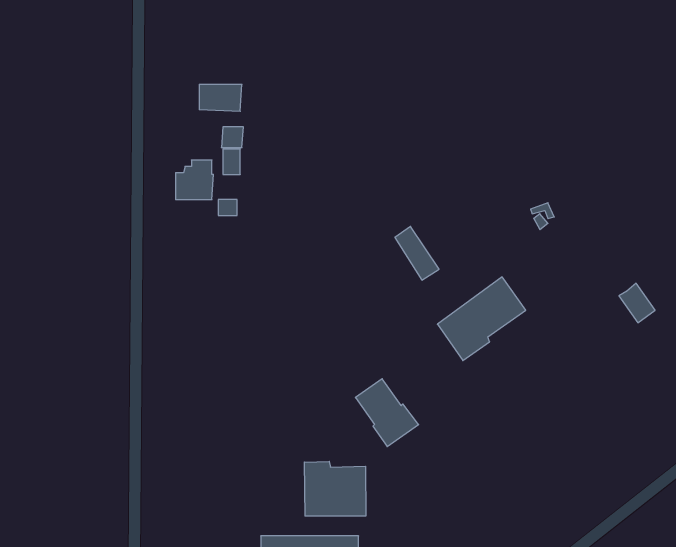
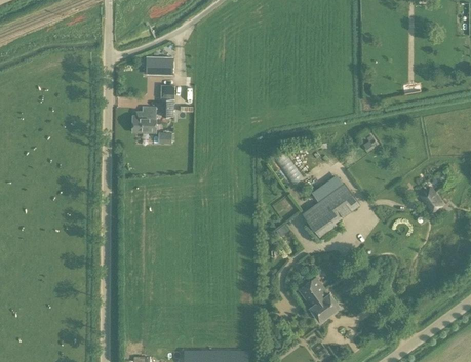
building: [355,379,419,447] -> [297,275,338,319]
building: [304,461,366,516] -> none

